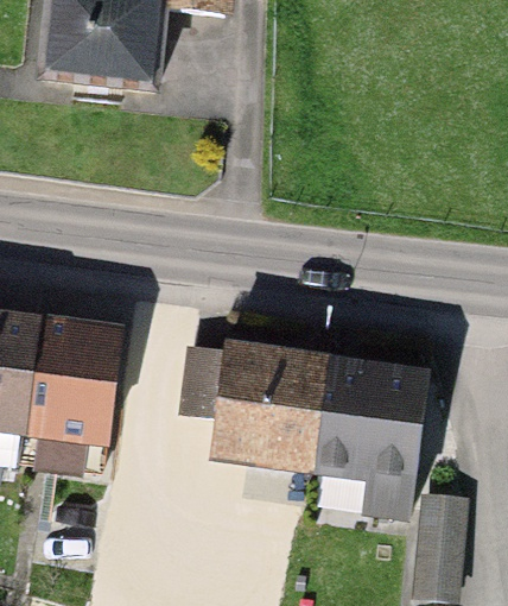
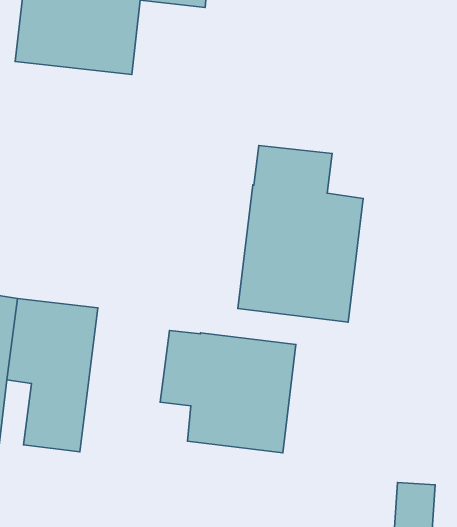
building: none -> [238,145,363,322]
building: [307,359,418,511] -> none

